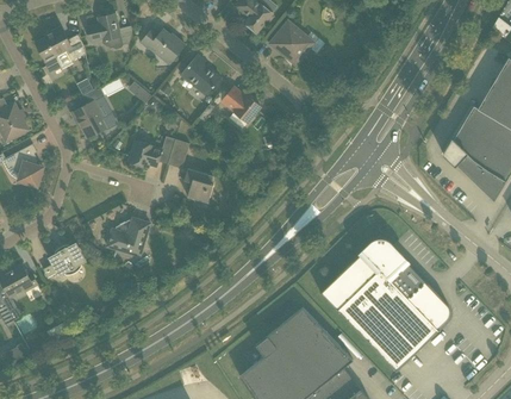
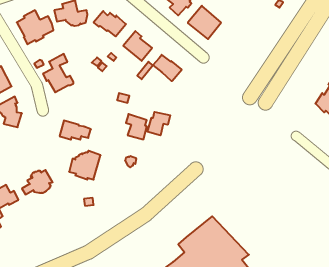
building: [129,141,172,167] -> [60,120,91,140]
building: none -> [147,112,170,135]
building: [320,241,451,372] -> none

